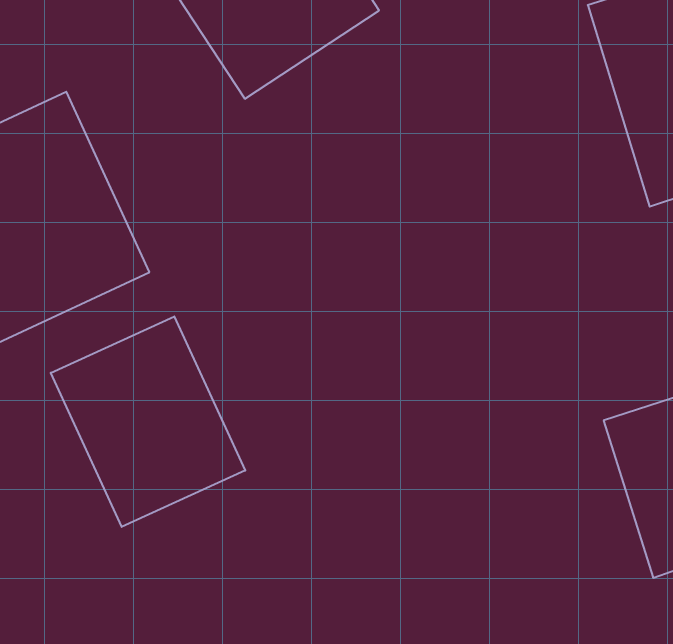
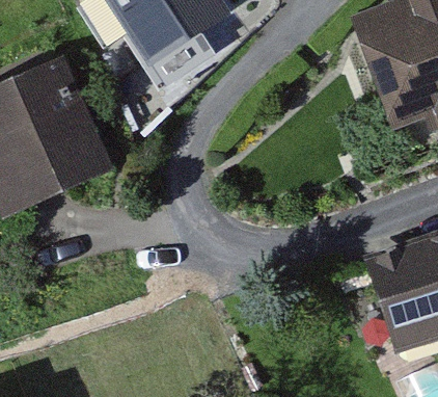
building: [51,316,245,527] -> none

